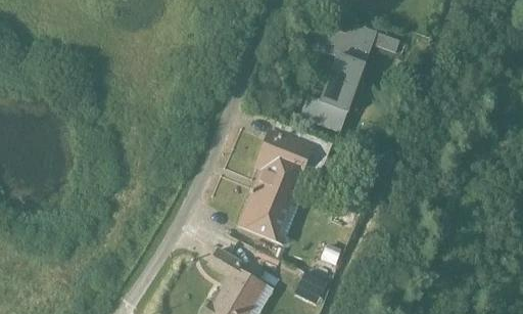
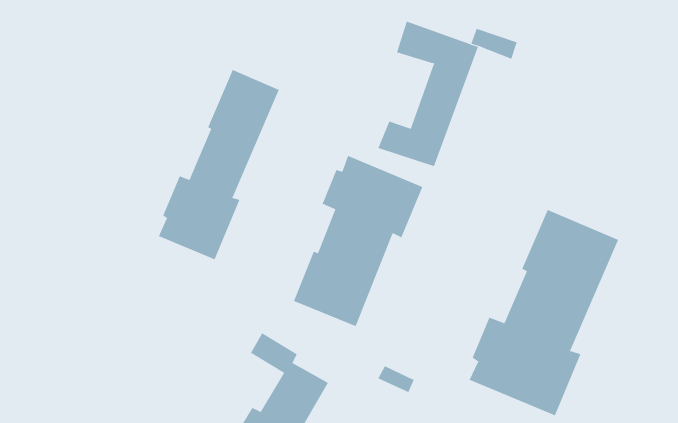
building: none -> [158,69,279,260]
building: none -> [469,209,619,416]

